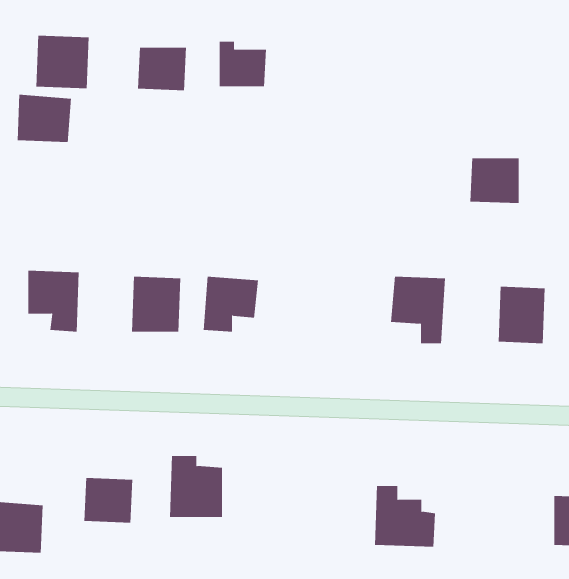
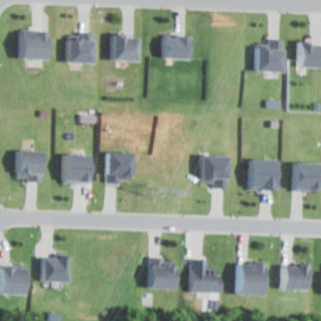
building: none -> [165,33,189,56]
building: [17,94,71,143] -> none
building: [470,158,519,204] -> [258,47,283,70]
building: [169,456,223,517] -> [147,258,174,289]
building: none -> [235,264,263,296]

